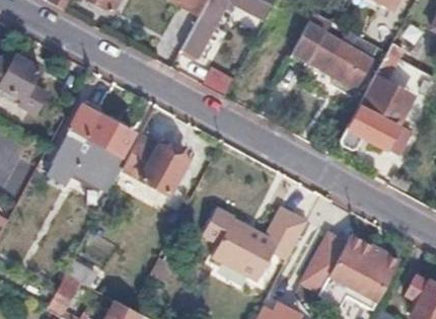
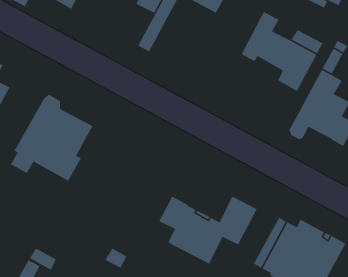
building: [122,138,186,195] -> none

